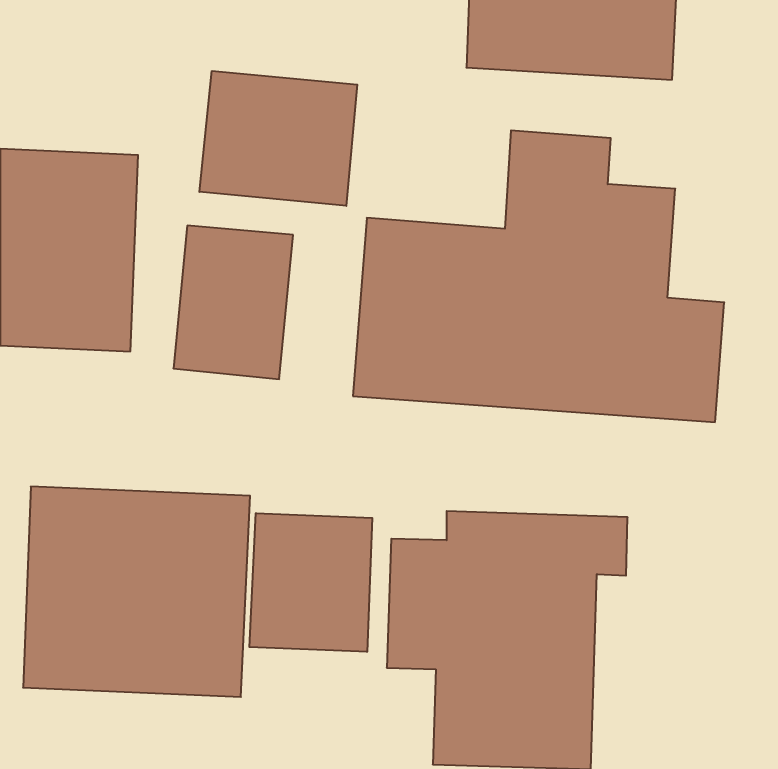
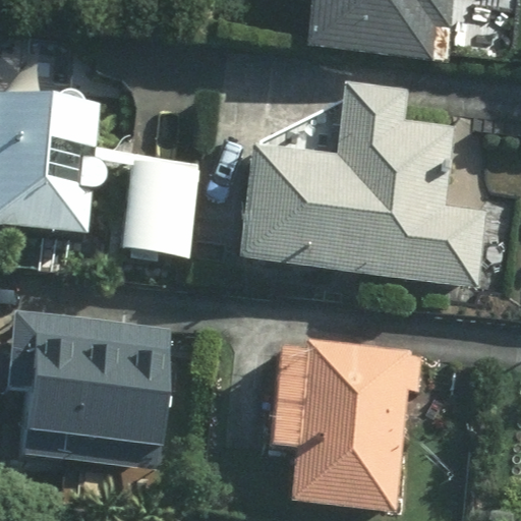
building: [199,71,357,206] -> none
building: [249,513,372,652] -> none

